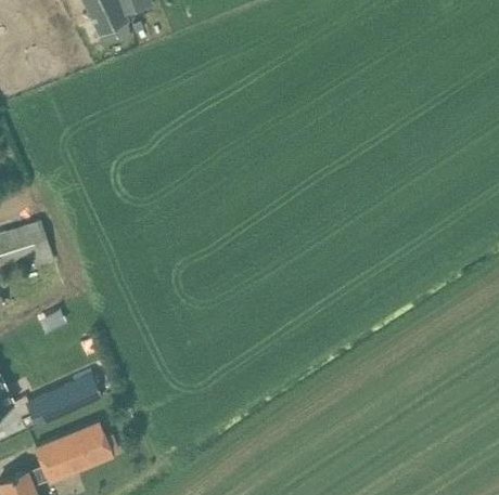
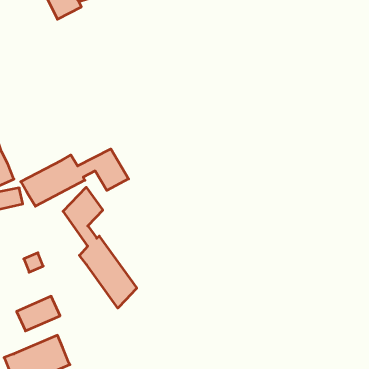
building: none -> [21,149,129,206]
building: none -> [63,187,137,308]

